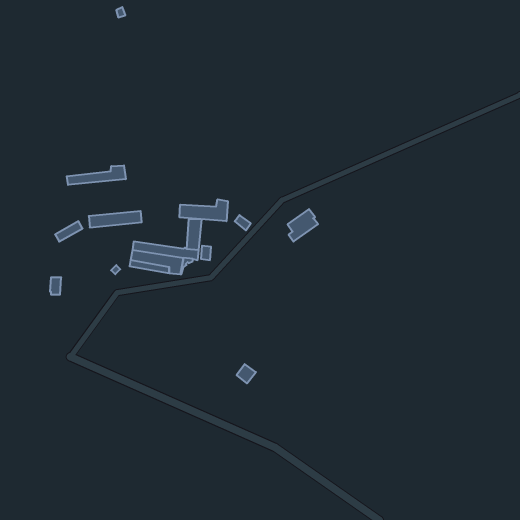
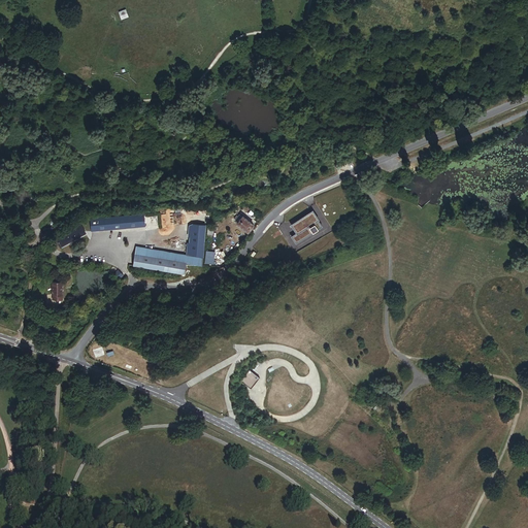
building: [67,165,126,185] -> none
building: [180,199,228,221] -> none

